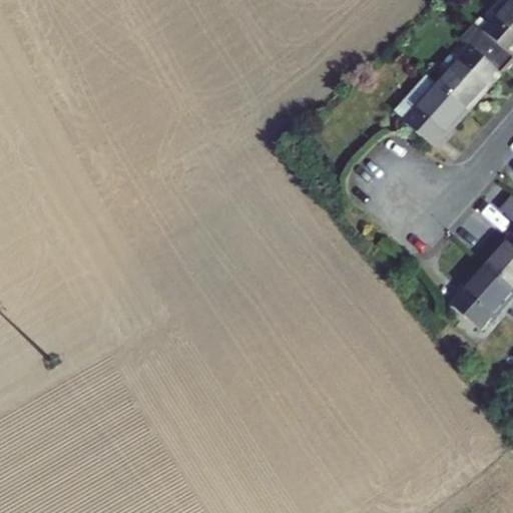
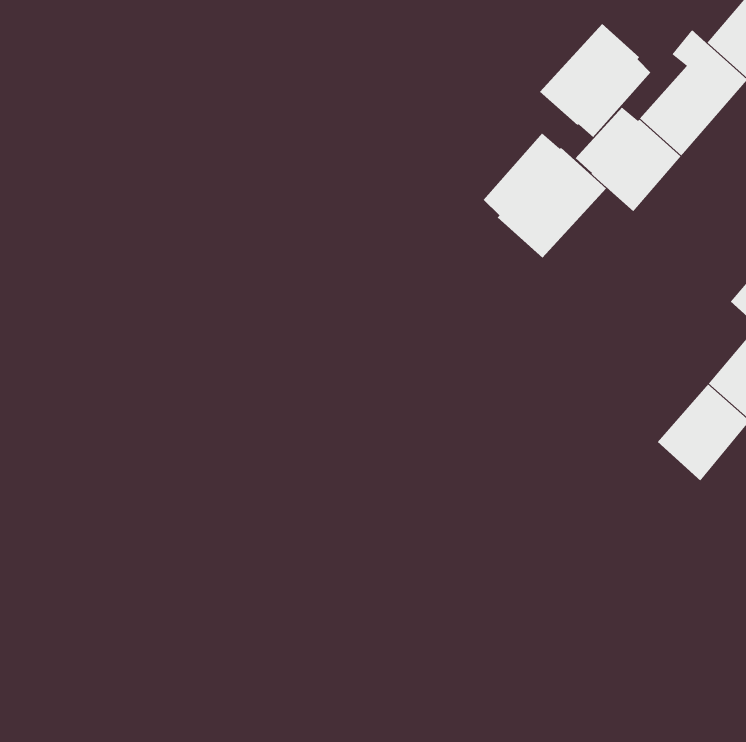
building: none -> [539,23,651,138]
building: none -> [483,133,607,259]

